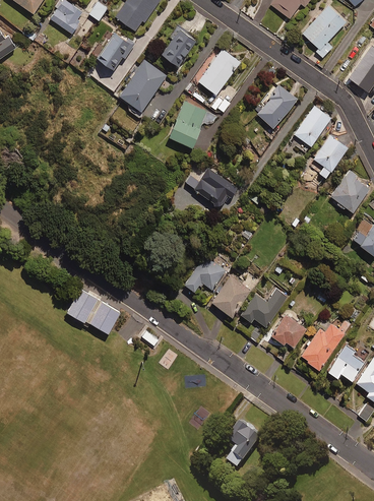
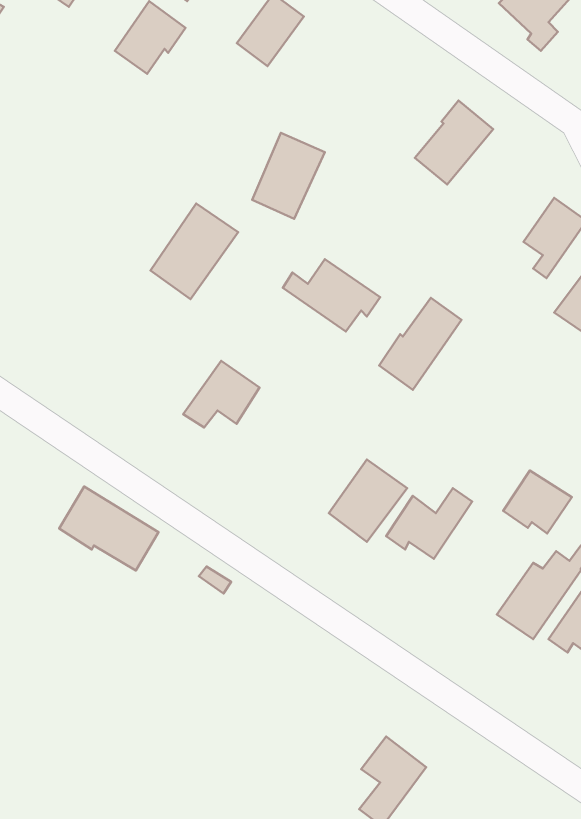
building: [199,49,241,95] -> none
building: [120,60,167,111] -> [150,204,238,299]
building: [293,106,331,153] -> none
building: none -> [379,298,461,390]
building: [184,256,225,292] -> [183,361,259,428]
building: [270,314,307,348] -> [503,471,572,534]

